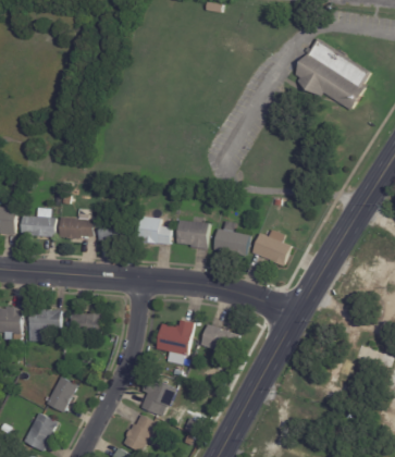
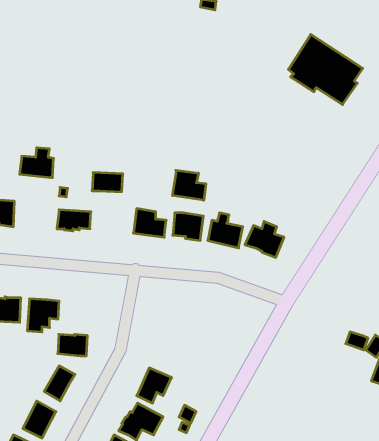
building: none -> [173,170,206,200]
building: [21,207,55,237] -> [20,148,54,177]
building: [99,221,131,240] -> [92,173,123,192]
building: [71,312,101,334] -> [58,334,87,356]
building: [157,319,196,363] -> none
building: [200,323,240,356] -> none

